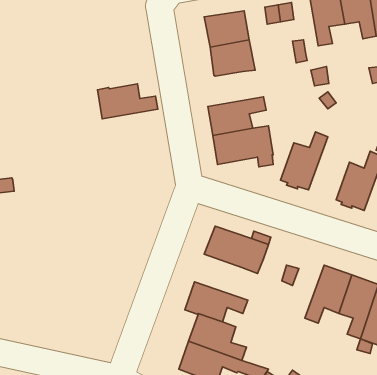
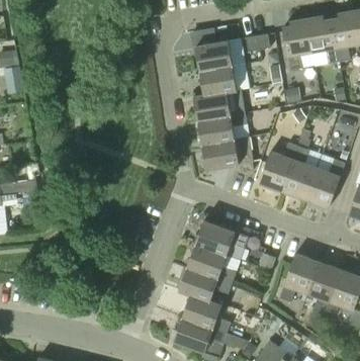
building: [97,84,158,119] -> [194,91,245,120]
building: none -> [282,128,322,198]
building: none -> [187,244,236,282]

